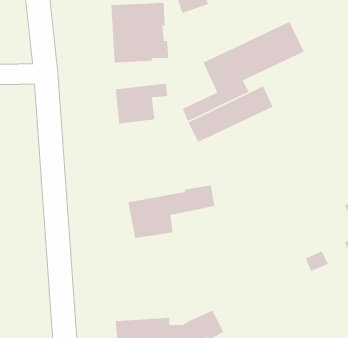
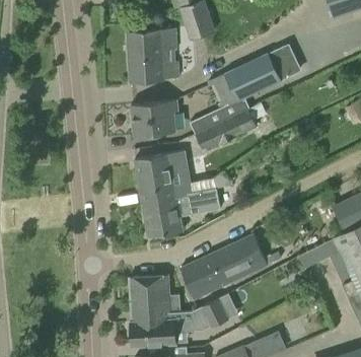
building: none -> [134,150,216,205]
building: none -> [180,235,269,301]
building: none -> [129,276,179,309]

